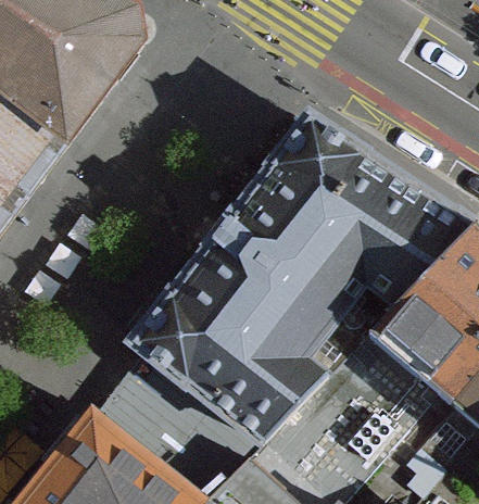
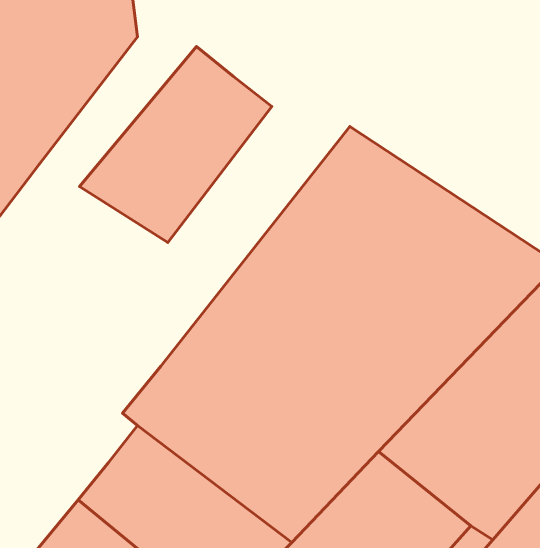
building: none -> [79,46,272,243]

